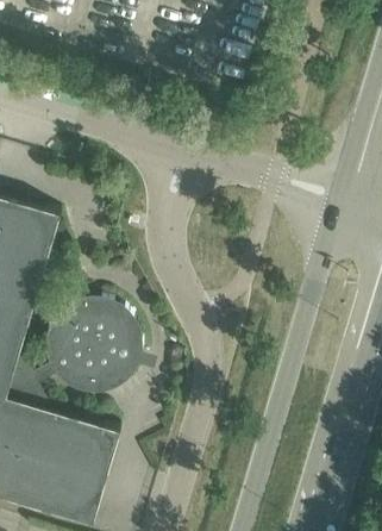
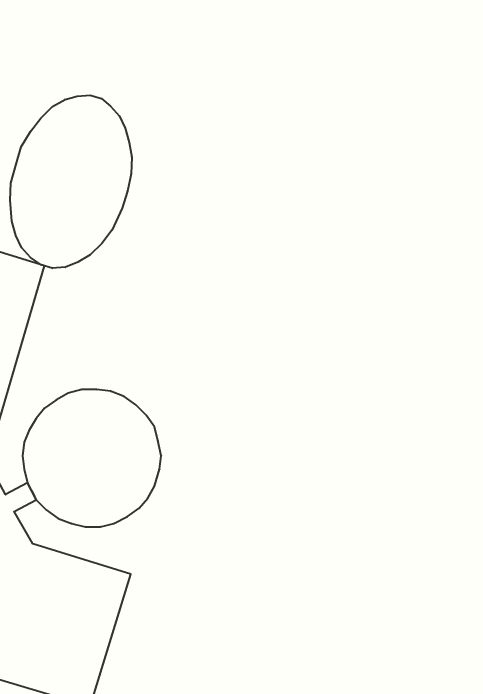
building: none -> [10,95,132,268]

